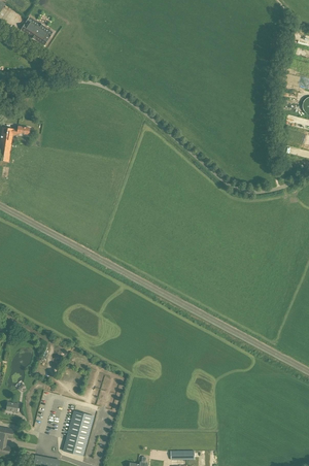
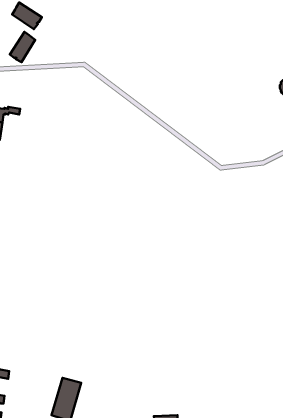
building: none -> [10,32,35,62]

